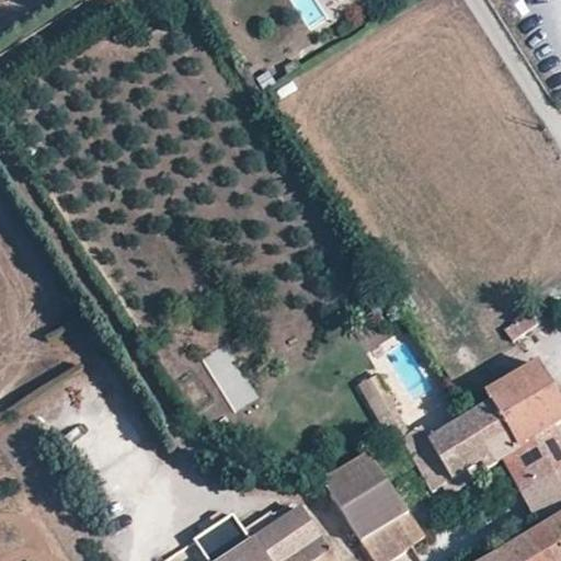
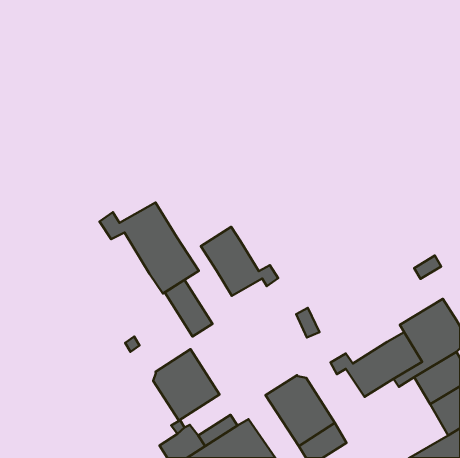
building: none -> [100,202,199,294]
building: none -> [201,227,278,296]
building: none -> [153,349,220,421]

